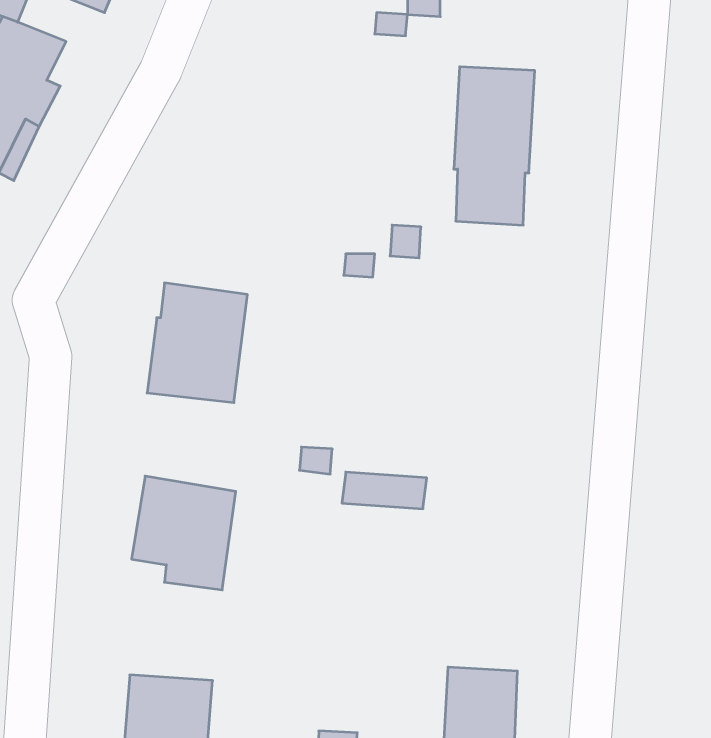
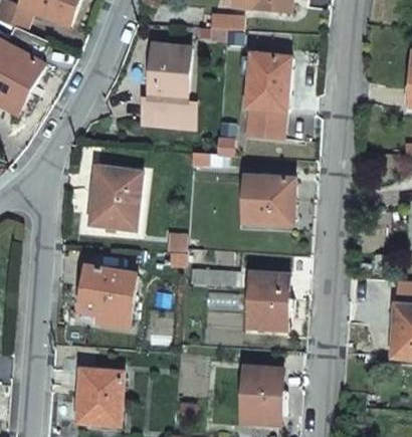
building: none -> [138,44,192,126]
building: none -> [241,176,292,223]
building: none -> [249,271,287,327]

